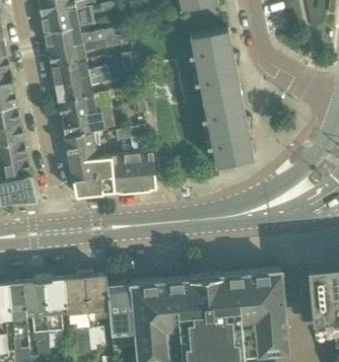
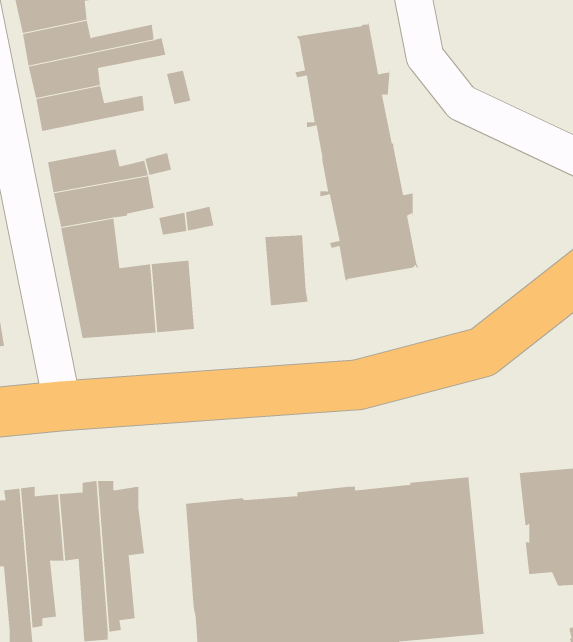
building: [54,73,118,102] -> none
building: [132,153,155,191] -> [264,235,308,306]
building: [106,283,135,345] -> none

